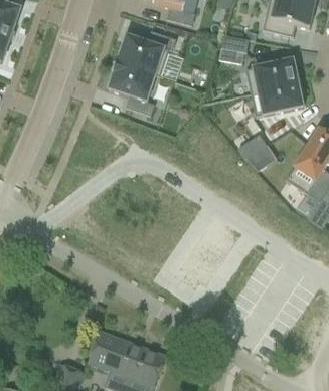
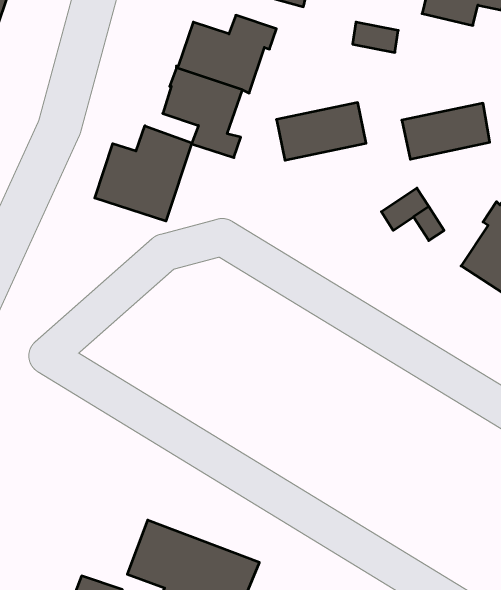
building: [245,58,299,92] -> [276,103,366,160]
building: none -> [95,126,192,221]

